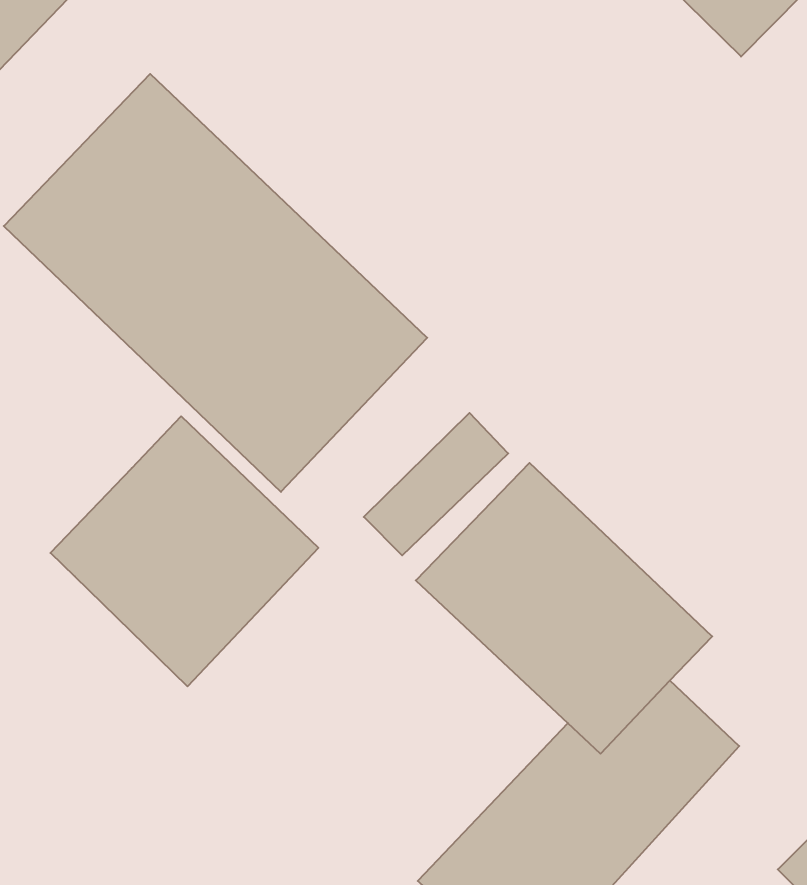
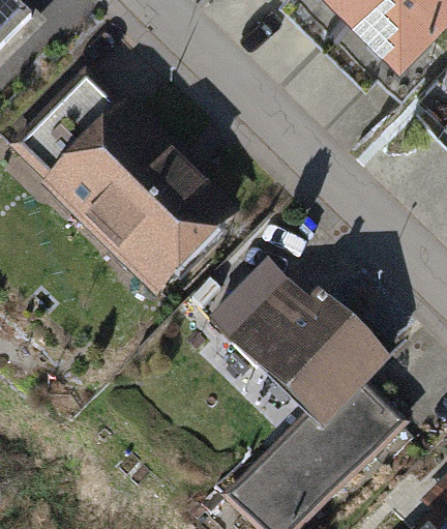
building: [50,416,318,686] -> none

